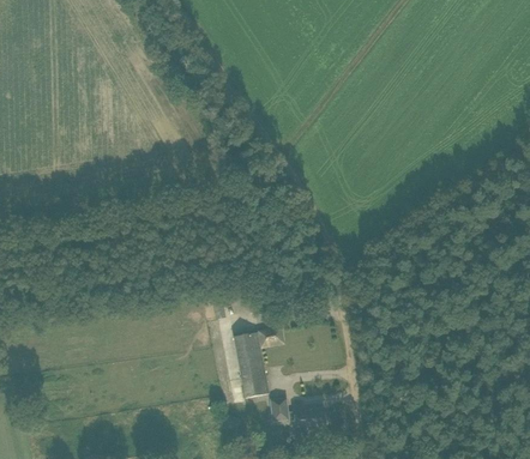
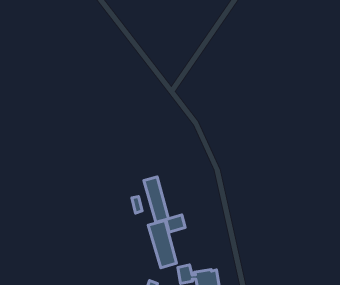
building: none -> [144,177,169,222]

